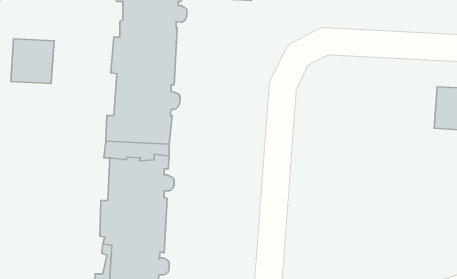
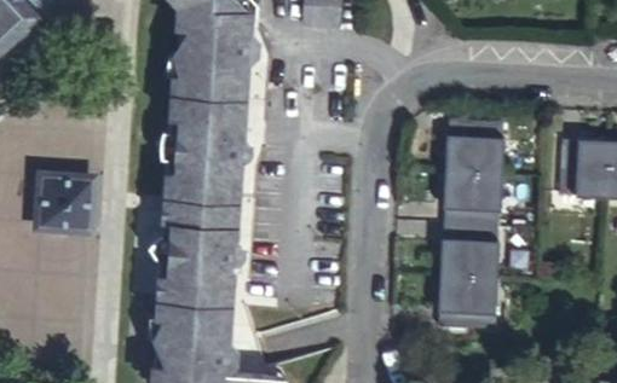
building: [11,39,54,83] -> [50,181,103,236]
building: none -> [438,116,506,320]

